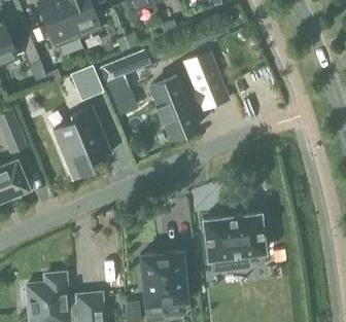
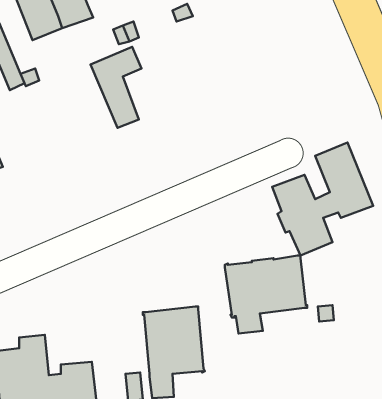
building: [151,51,229,138] -> [272,143,373,256]
building: [71,66,103,100] -> none
building: [53,106,112,177] -> none

